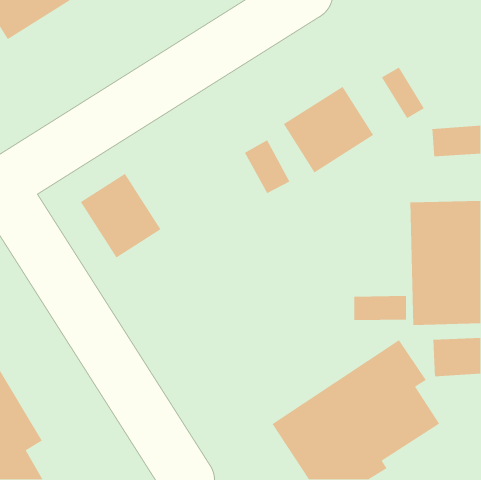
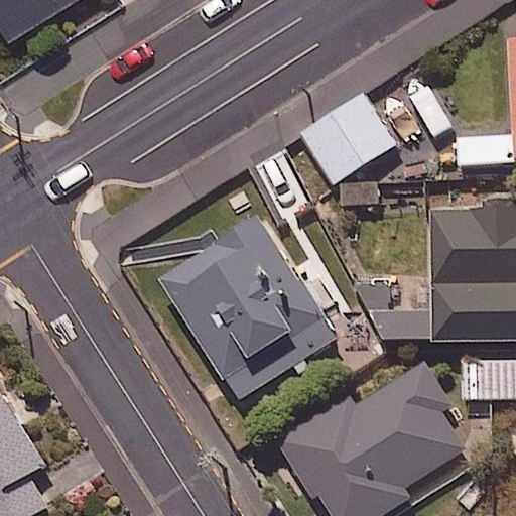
building: [80,173,162,259] -> none
building: none -> [159,217,337,401]

